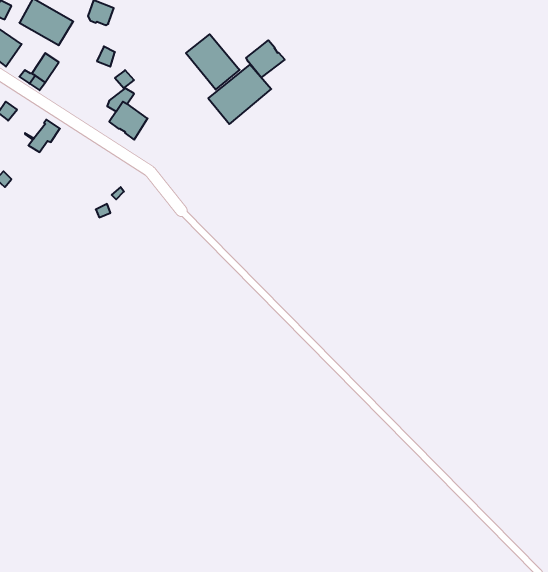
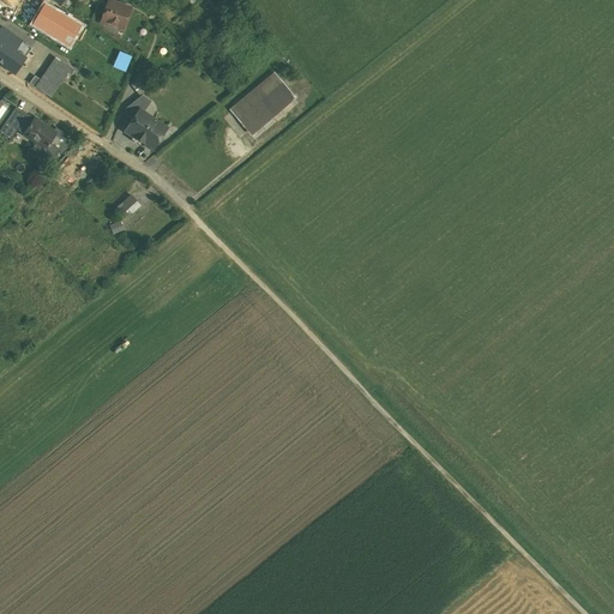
building: [186,34,240,90] -> none
building: [246,40,285,77] -> none
building: none -> [23,118,56,149]

